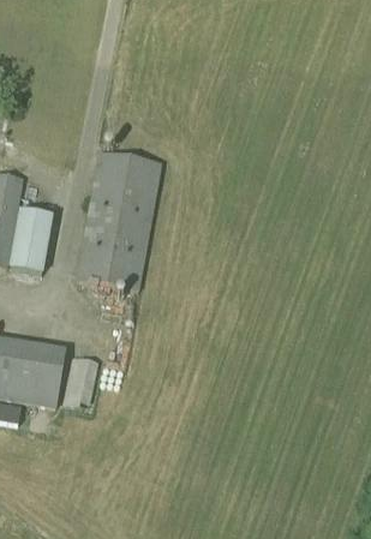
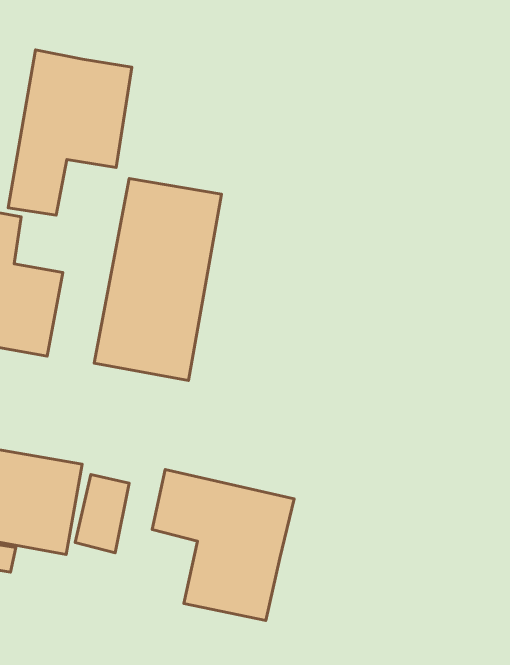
building: none -> [8,50,132,215]
building: none -> [152,469,294,620]

